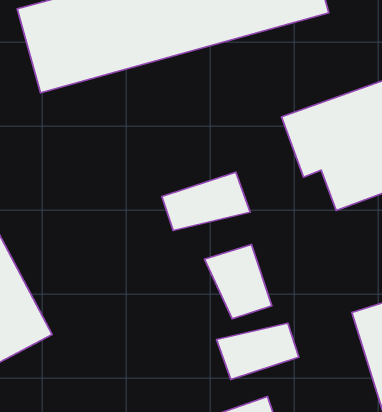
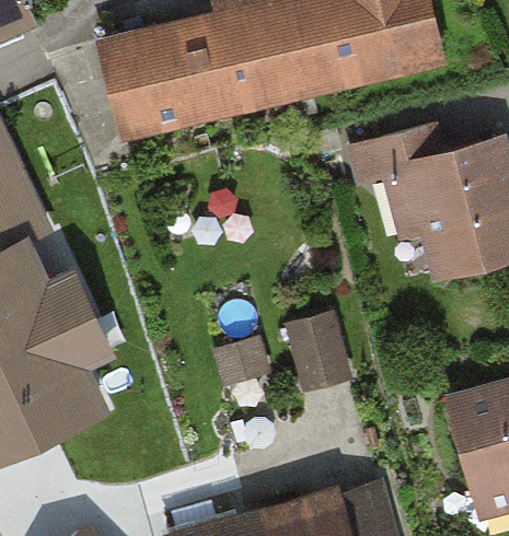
building: [162,172,250,230] -> none
building: [217,323,299,379] -> none

